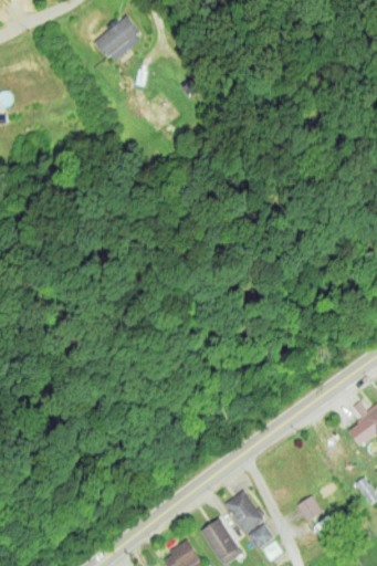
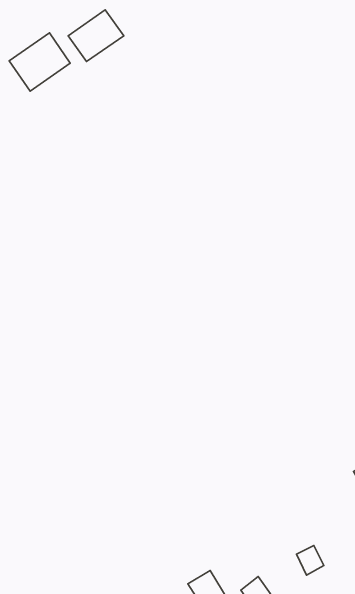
building: none -> [9,33,70,91]
building: [224,491,265,534] -> none

